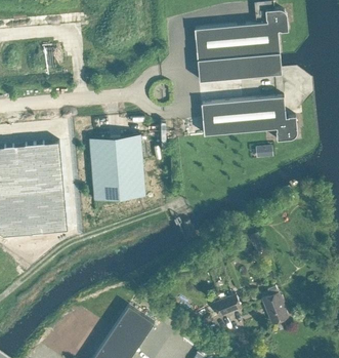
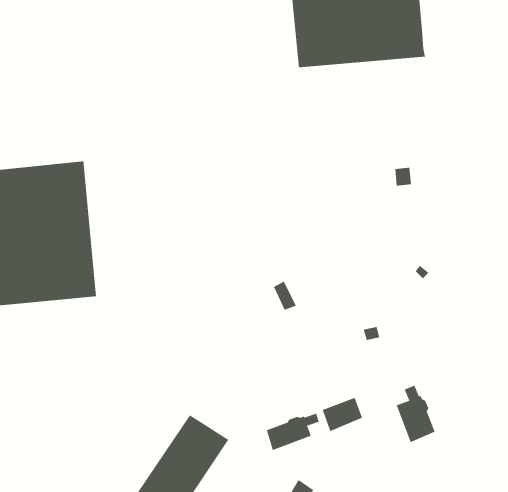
building: [201,96,297,142] -> none
building: [89,135,144,201] -> none
building: none -> [266,413,319,451]

